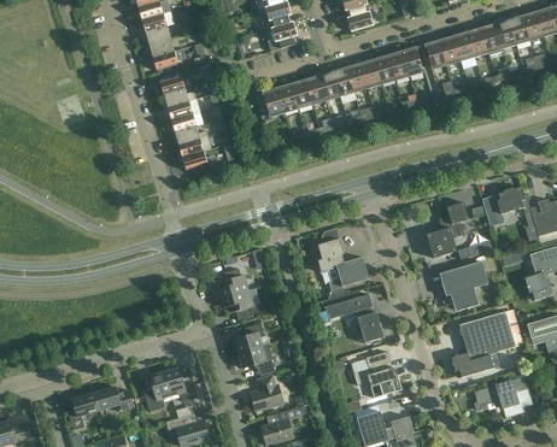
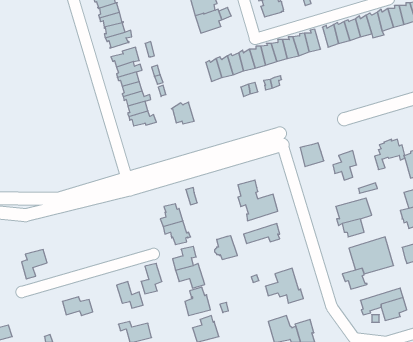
building: [254,88,283,116] -> [171,102,194,124]
building: [426,227,456,257] -> [300,143,324,167]
building: [354,311,383,341] -> [215,236,237,259]
building: [143,371,170,410] -> [141,263,162,294]
building: [66,392,99,429] -> [22,250,47,279]

